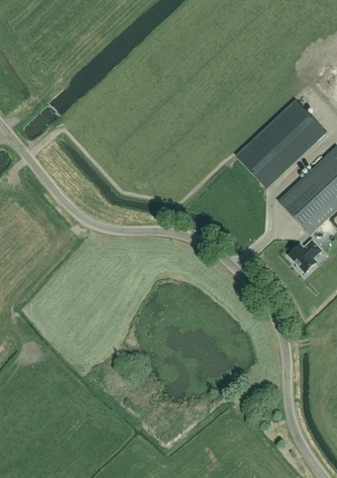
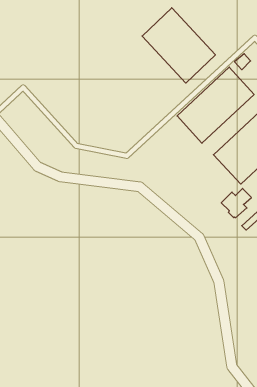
building: none -> [142,8,215,83]

